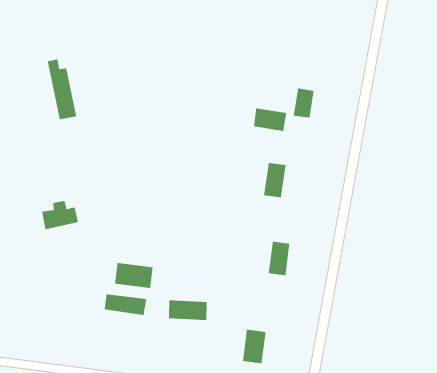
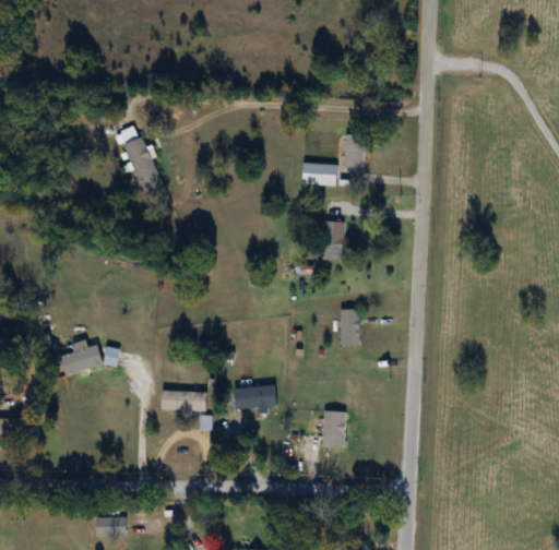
building: [47,58,77,120] -> [120,127,162,195]
building: [41,200,79,230] -> [60,339,104,375]
building: [114,262,154,289] -> none

